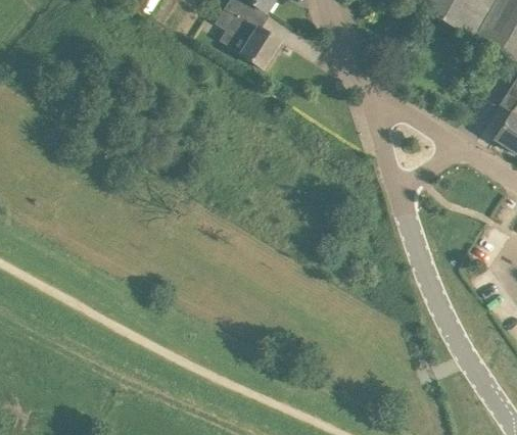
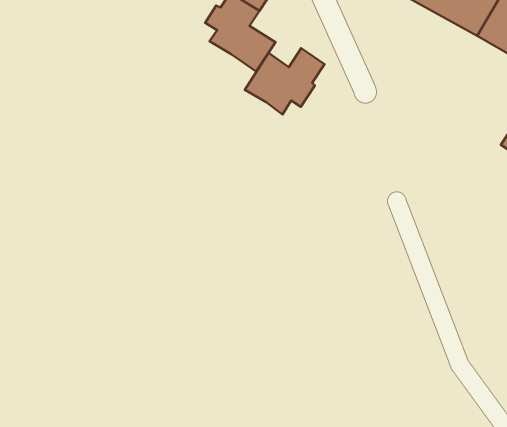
building: none -> [245,48,324,114]

